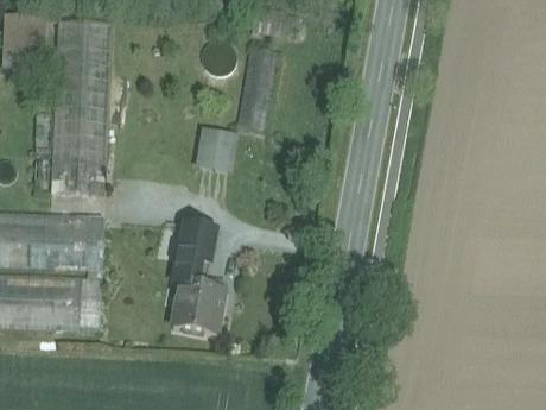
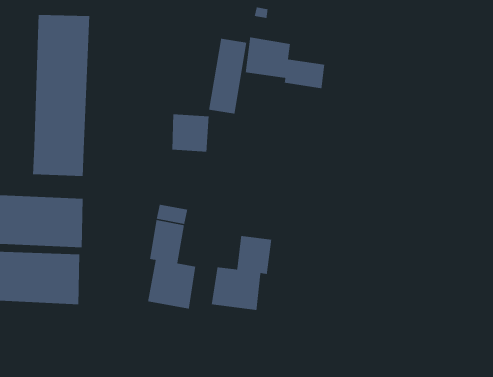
building: none -> [245,37,325,89]
building: none -> [211,235,272,311]

